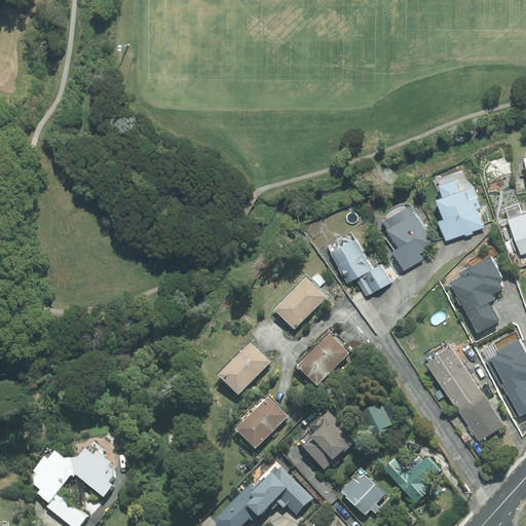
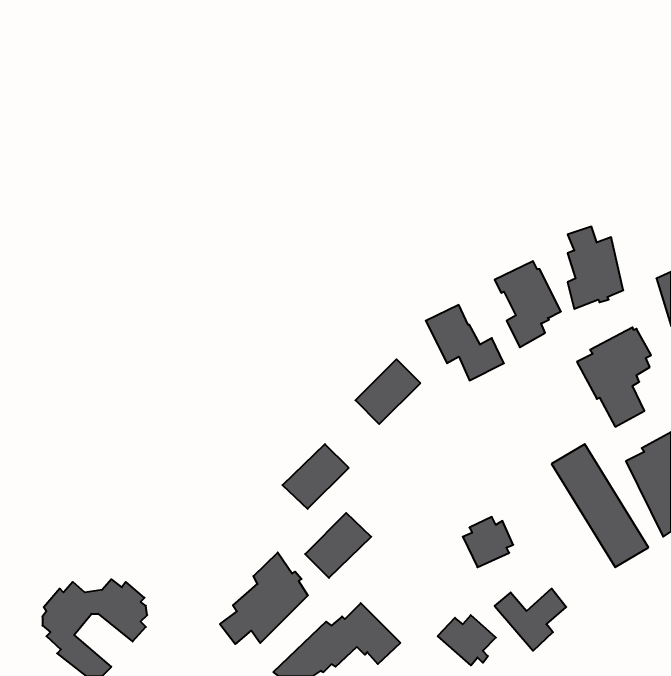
building: [298,335,349,386] -> none
building: [303,411,354,469] -> none
building: none -> [220,552,308,644]

